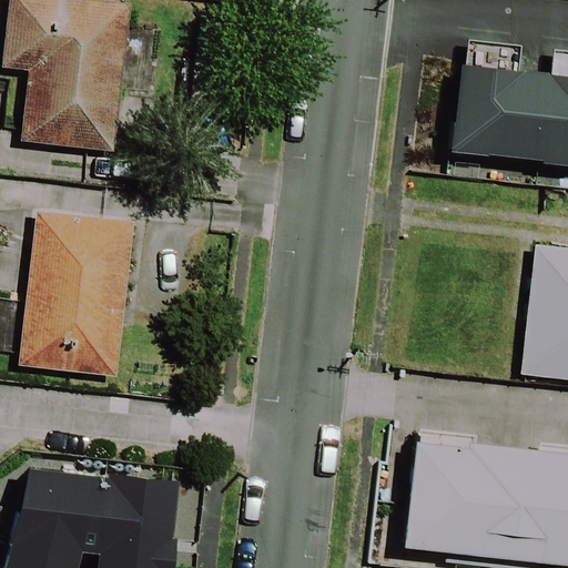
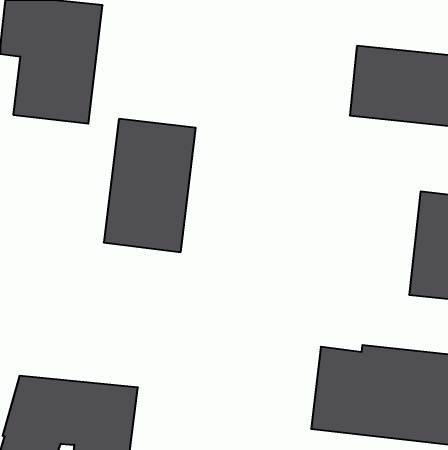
building: [20,214,135,382] -> [104,119,196,252]

